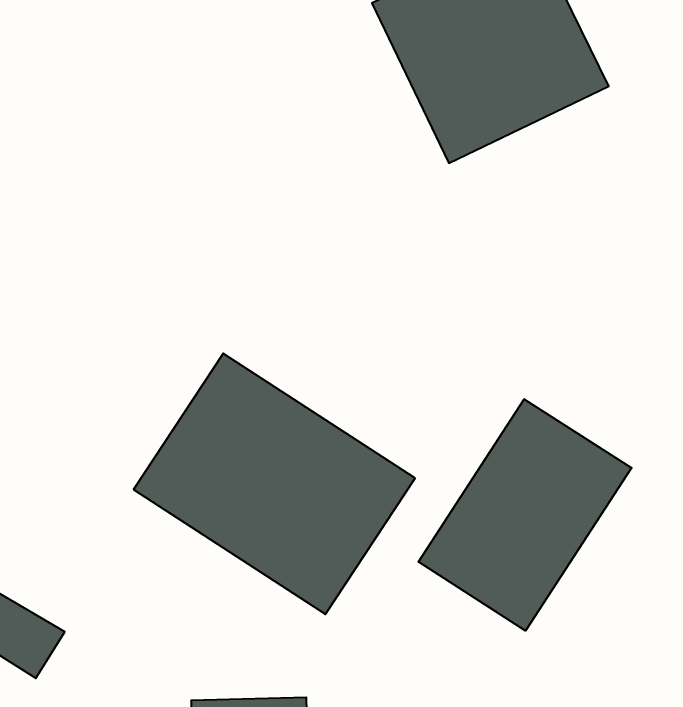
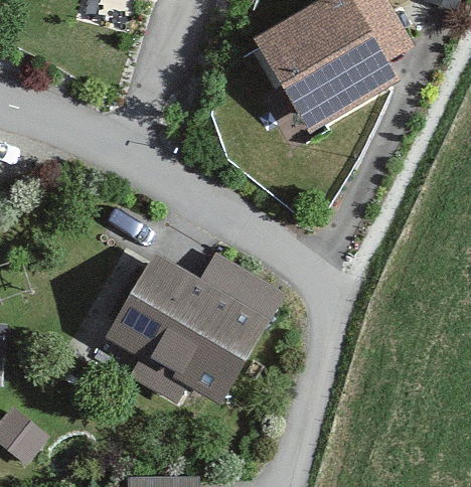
building: [418,399,632,631] -> none

